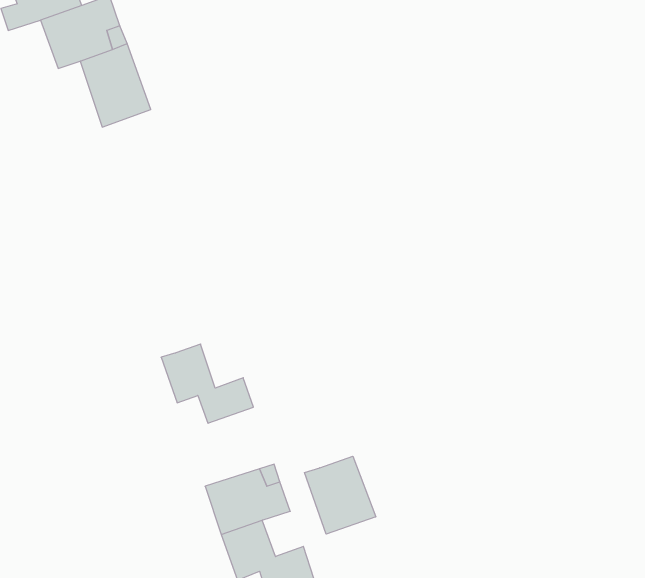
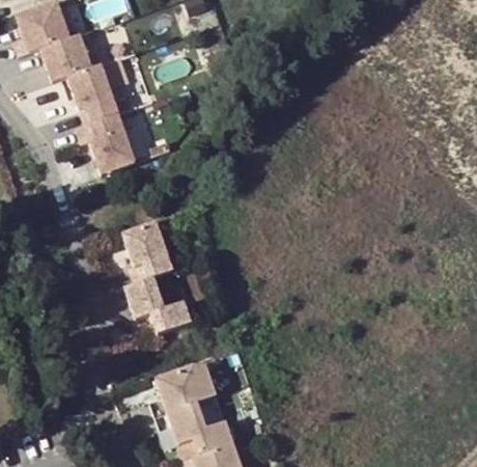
building: none -> [76,110,135,171]
building: none -> [124,221,173,282]
building: [304,456,376,534] -> none

